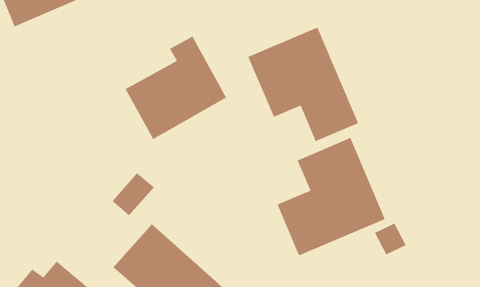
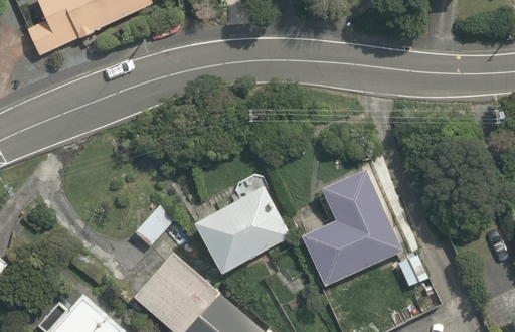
building: [247,27,359,142] -> none
building: [125,36,227,140] -> [189,171,292,276]

